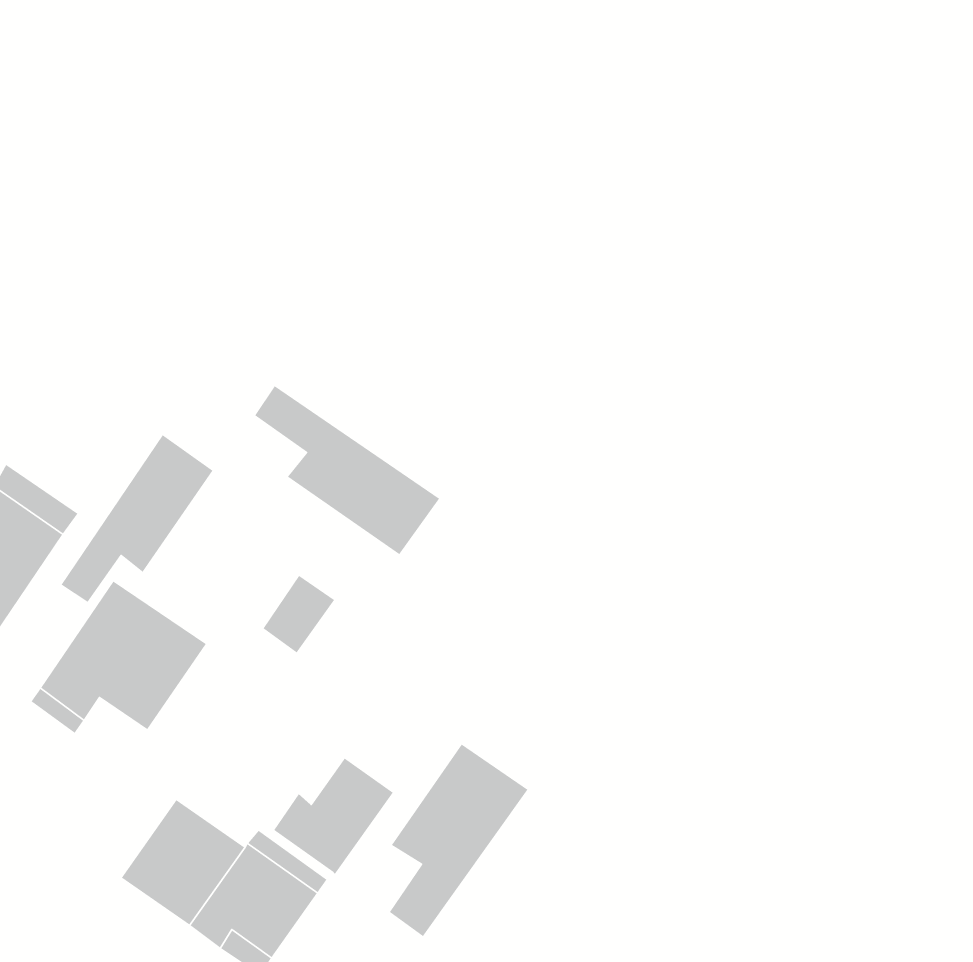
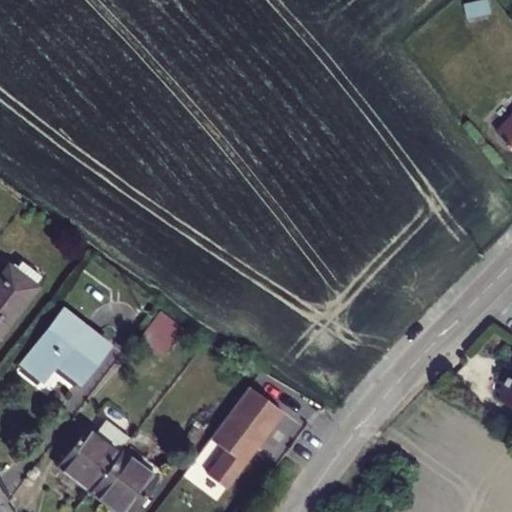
building: [254,385,440,555] -> none
building: [61,434,213,603] -> none
building: [273,758,394,875] -> none

